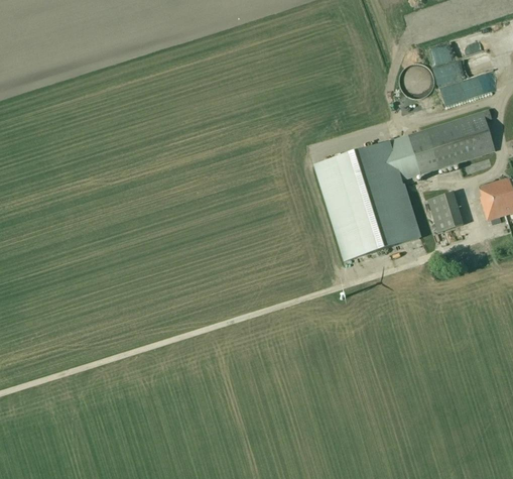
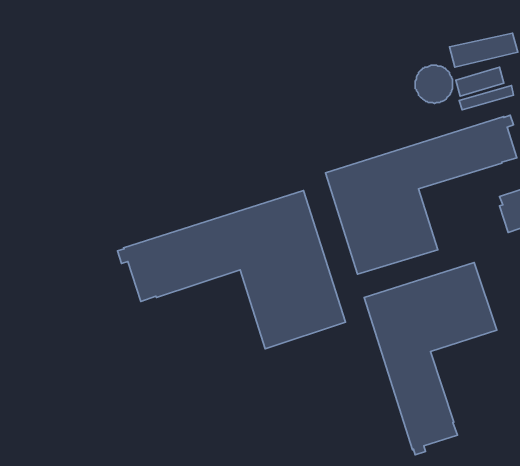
building: none -> [118,191,346,349]
building: [428,192,463,232] -> none
building: none -> [364,262,497,455]

